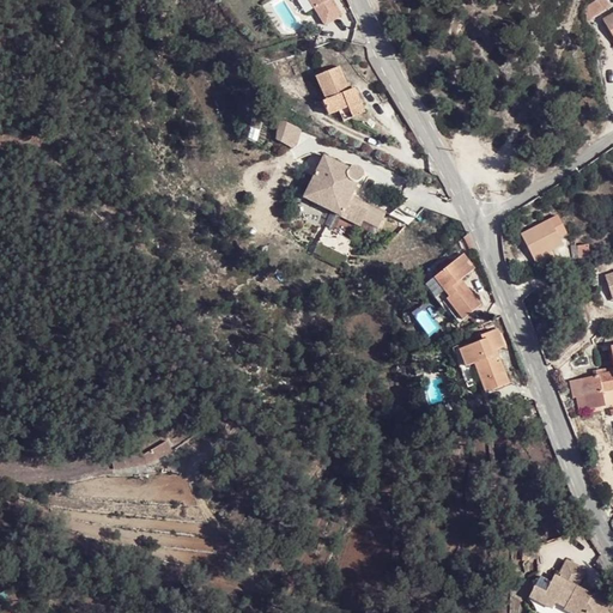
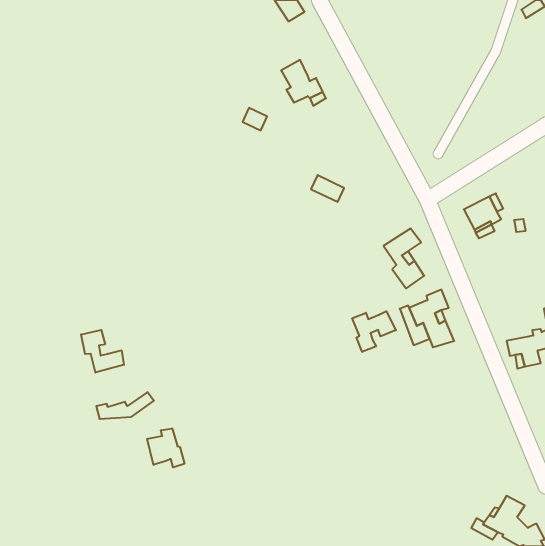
building: [306,158,362,214] -> none
building: none -> [352,311,396,352]
building: none -> [81,330,124,373]
building: none -> [147,428,184,467]

